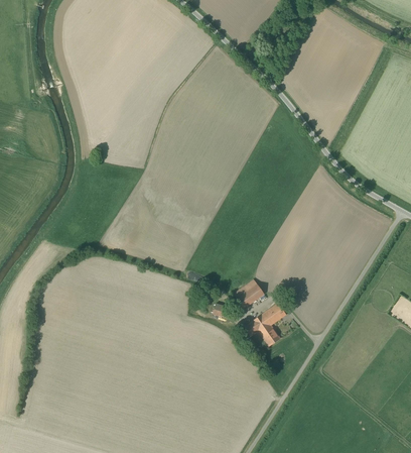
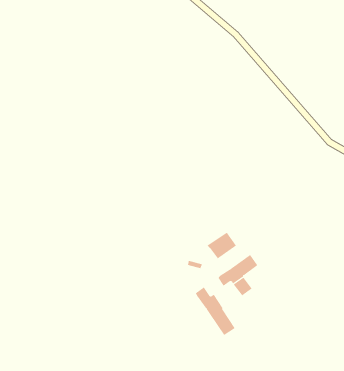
building: none -> [195,286,235,336]

